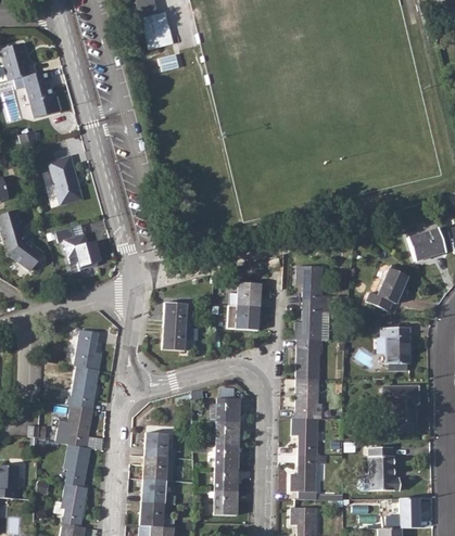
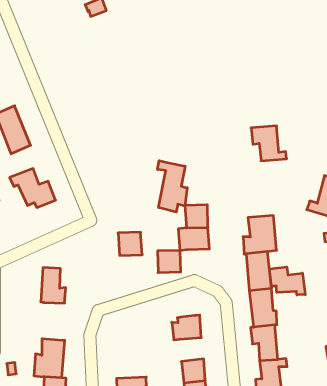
building: none -> [158,161,187,212]
building: [296,267,330,304] -> [251,126,287,161]
building: [161,327,187,352] -> [158,250,181,273]
building: none -> [269,267,305,295]
building: [67,367,99,409] -> none
building: [215,422,239,446] -> none
building: [144,433,177,458] -> none

